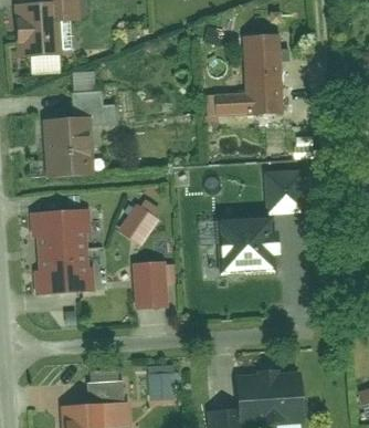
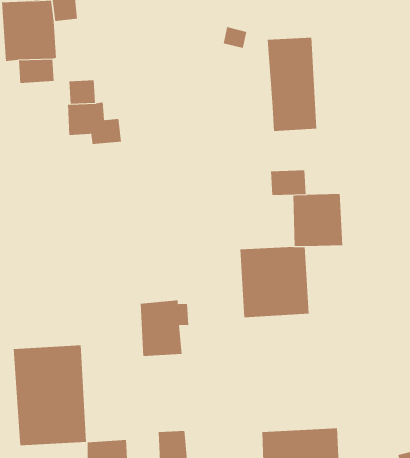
building: [217,94,247,116] -> [270,170,306,196]
building: [44,117,96,176] -> none
building: [118,198,161,244] -> none
building: [32,206,95,292] -> [13,345,87,446]

